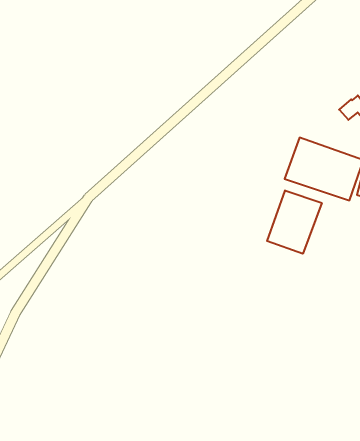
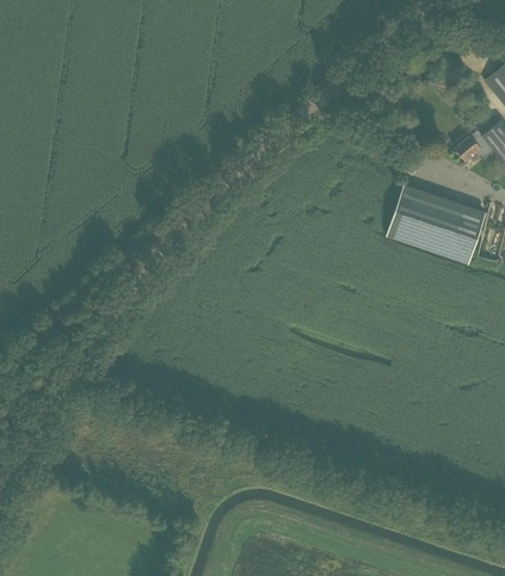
building: [267,190,322,254] -> none

